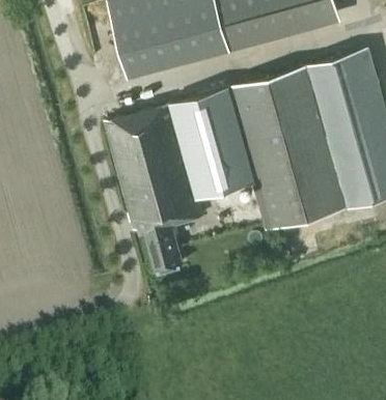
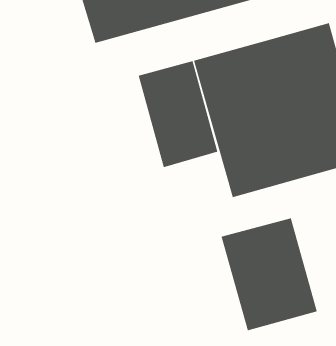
building: [106,106,202,275] -> none
building: none -> [221,218,317,331]

